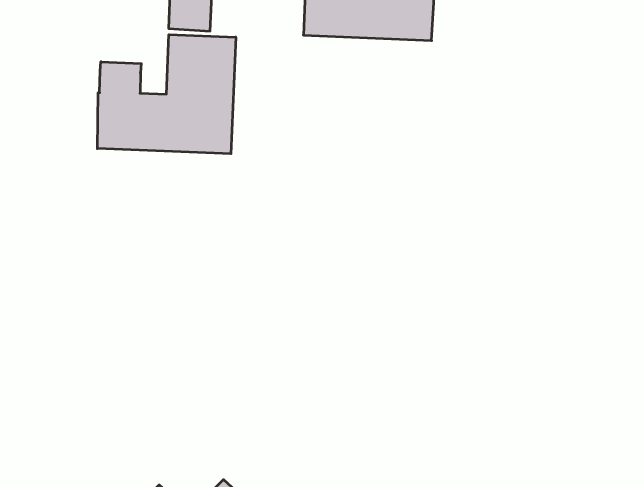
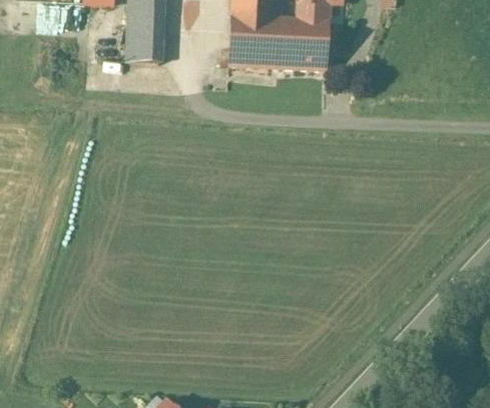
building: [97,35,236,154] -> none

